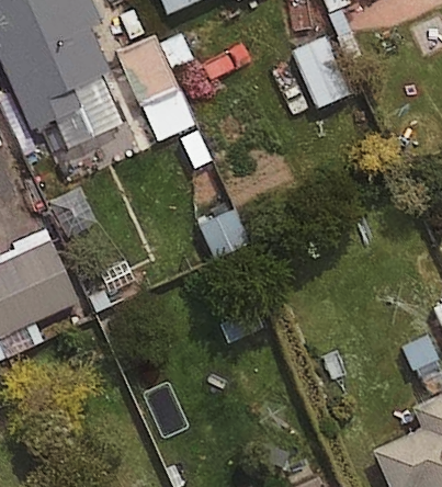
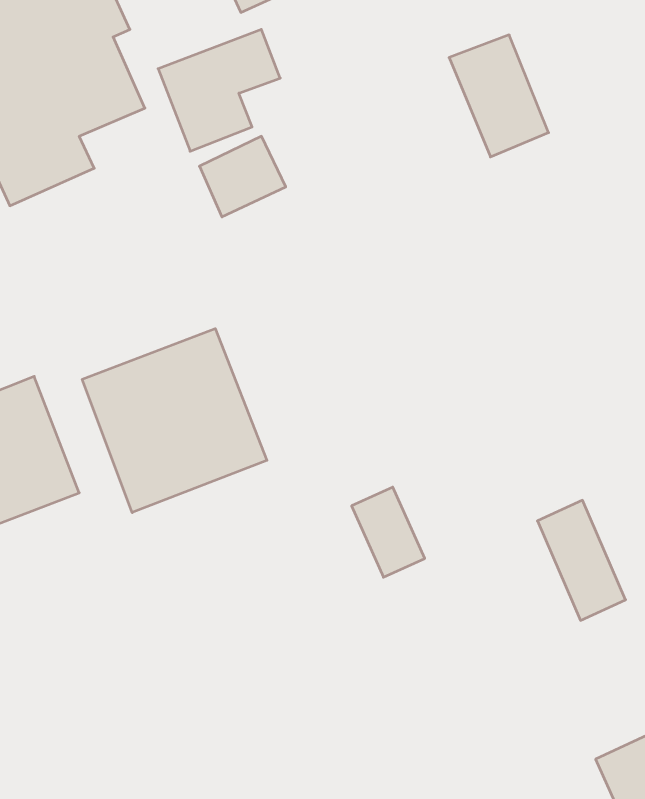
building: none -> [82,329,267,513]

